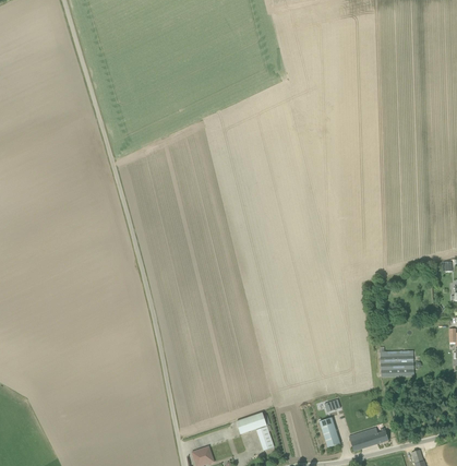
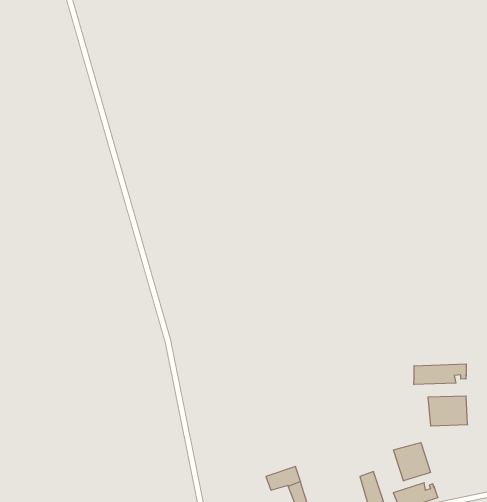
building: none -> [414,364,466,385]
building: none -> [394,443,431,481]

